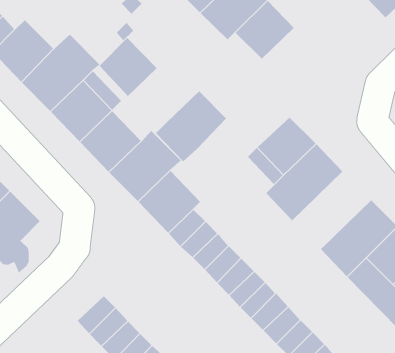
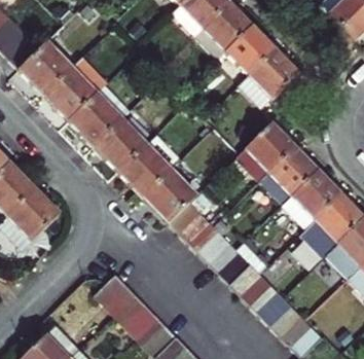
building: [99,37,157,97] -> none
building: [155,91,227,162] -> [240,49,300,110]
building: none -> [275,171,341,237]

